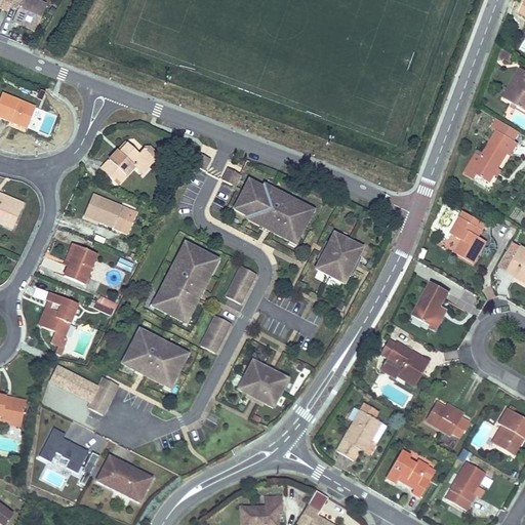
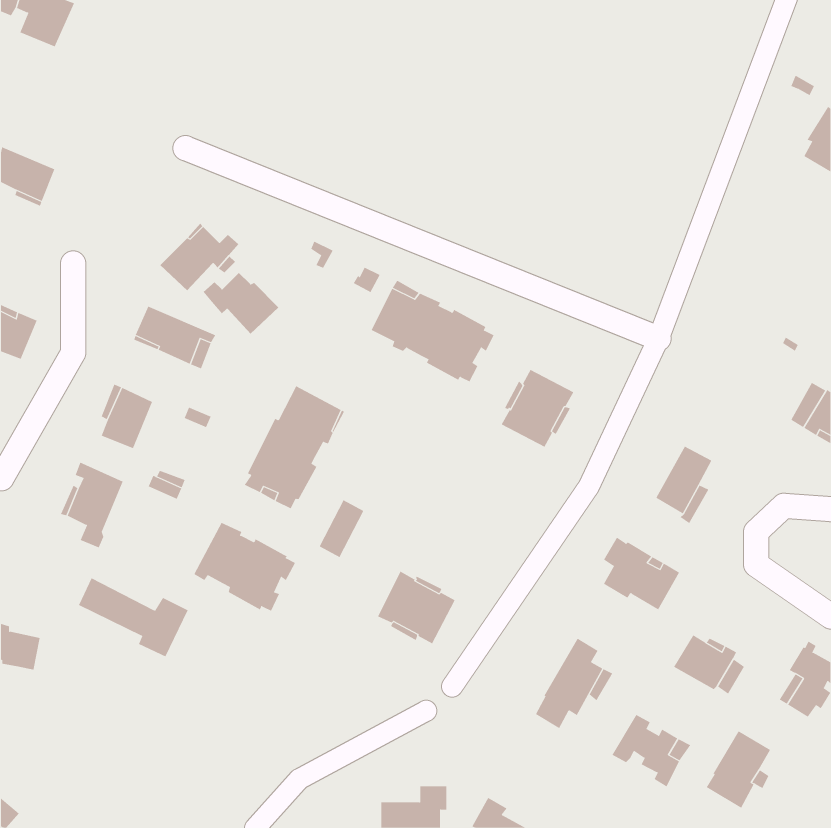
building: [463,117,519,180] -> none
building: none -> [203,272,279,335]
building: [451,210,485,261] -> none
building: [226,266,255,302] -> none
building: [39,428,99,484] -> none
building: [96,454,153,502] -> none

